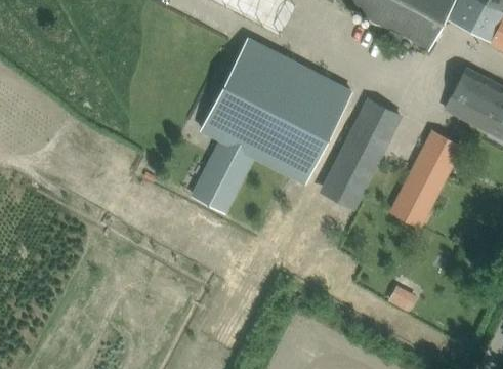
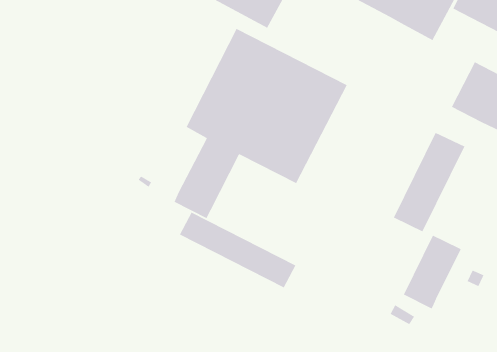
building: [324,101,399,205] -> none
building: none -> [179,212,296,288]
building: none -> [403,234,462,310]

